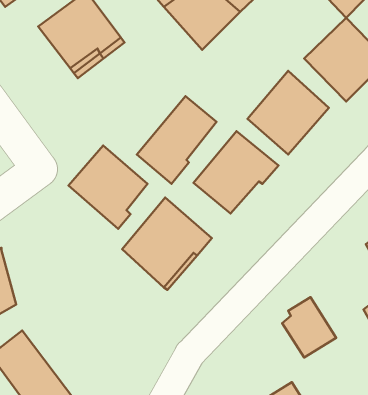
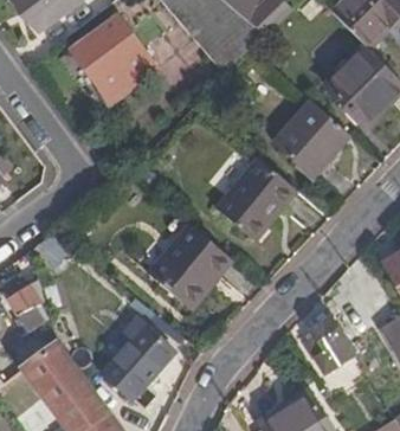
building: [137,96,217,184] -> none
building: [69,146,147,229] -> none
building: none -> [104,319,178,395]

